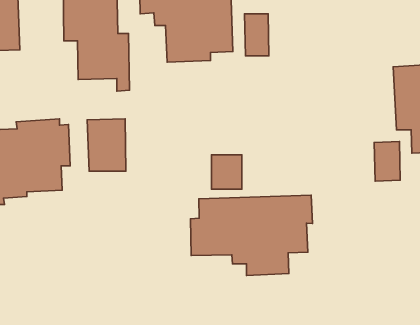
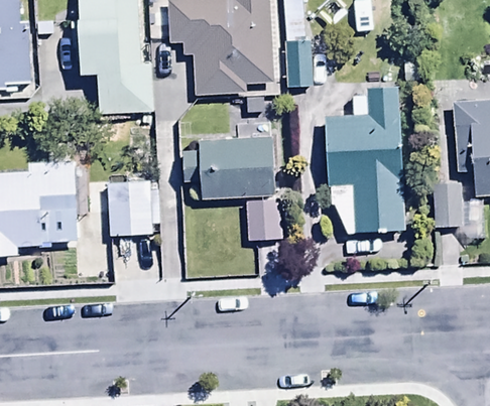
building: none -> [325,88,403,231]
building: none -> [183,136,277,197]
building: [190,195,313,275] -> none

